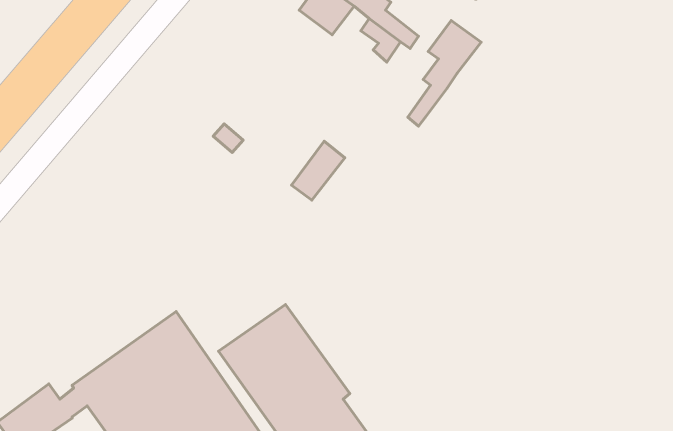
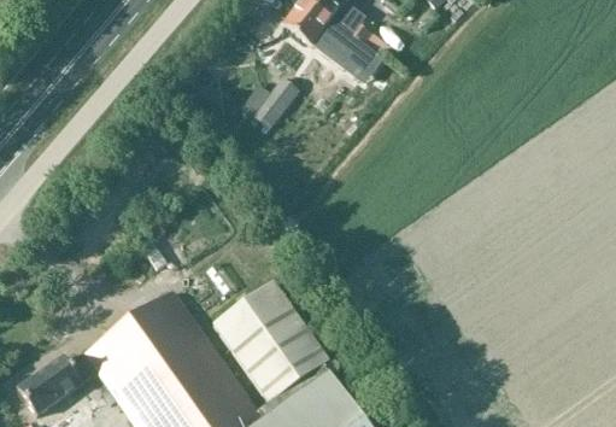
building: [408,21,481,126] -> none
building: [291,141,345,200] -> [252,74,299,125]

